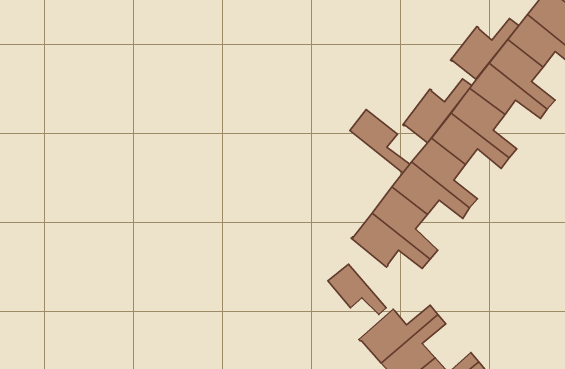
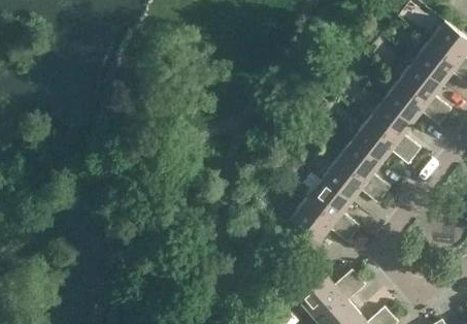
building: [451,18,519,79] -> none
building: [403,79,472,143] -> none
building: [350,109,410,173] -> none
building: [328,264,386,315] -> none

